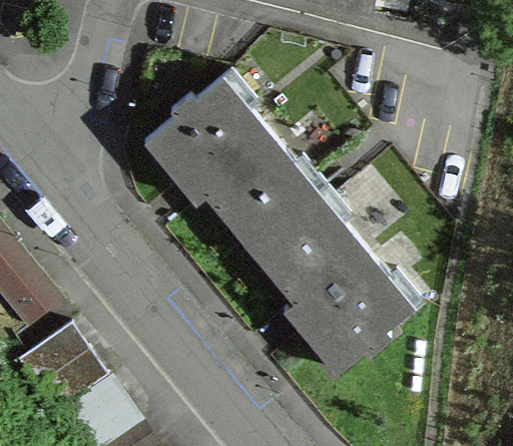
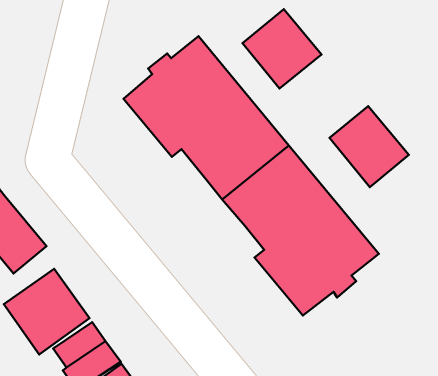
building: none -> [243,9,322,88]
building: none -> [329,106,409,187]

